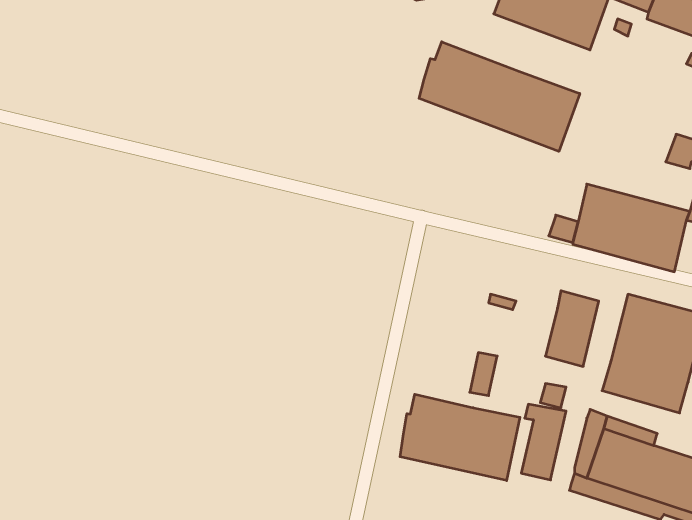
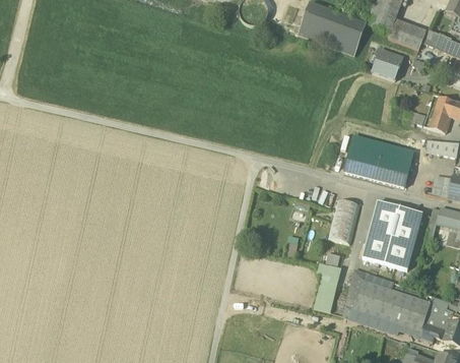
building: none -> [373,49,403,79]
building: [419,42,580,151] -> none
building: [400,394,520,481] -> none

